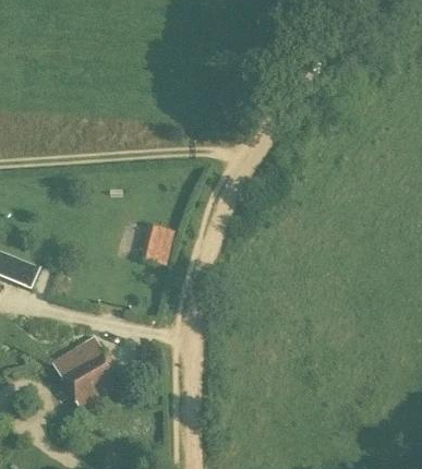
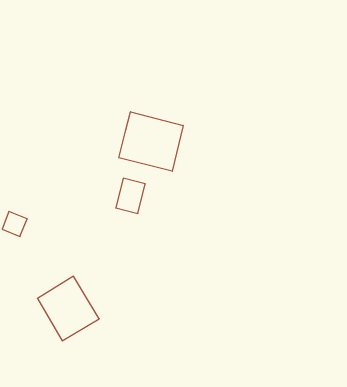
building: none -> [119,112,183,171]

